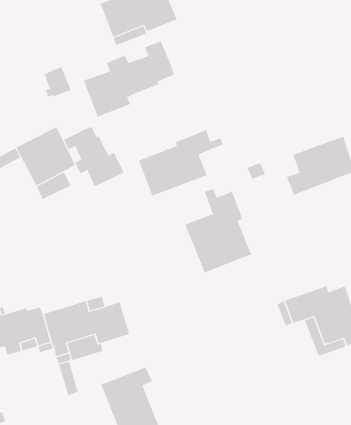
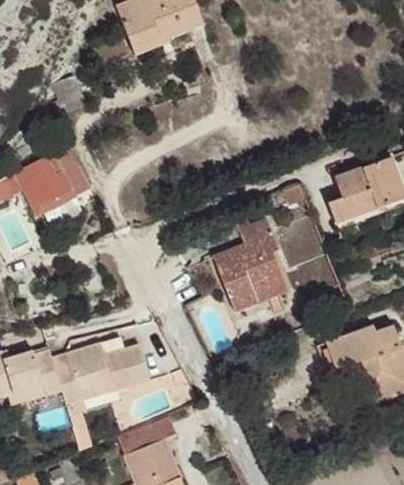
building: [83,41,175,117] -> none
building: [64,126,124,187] -> none
building: [138,130,224,197] -> none

